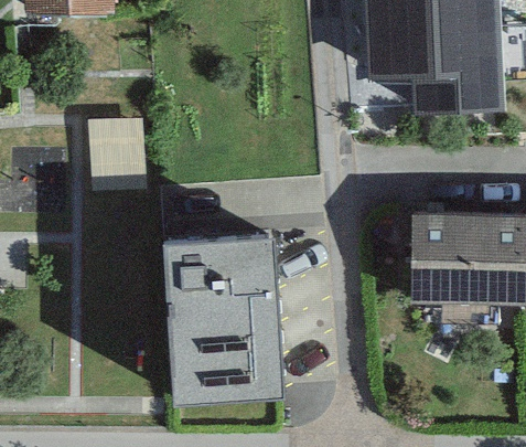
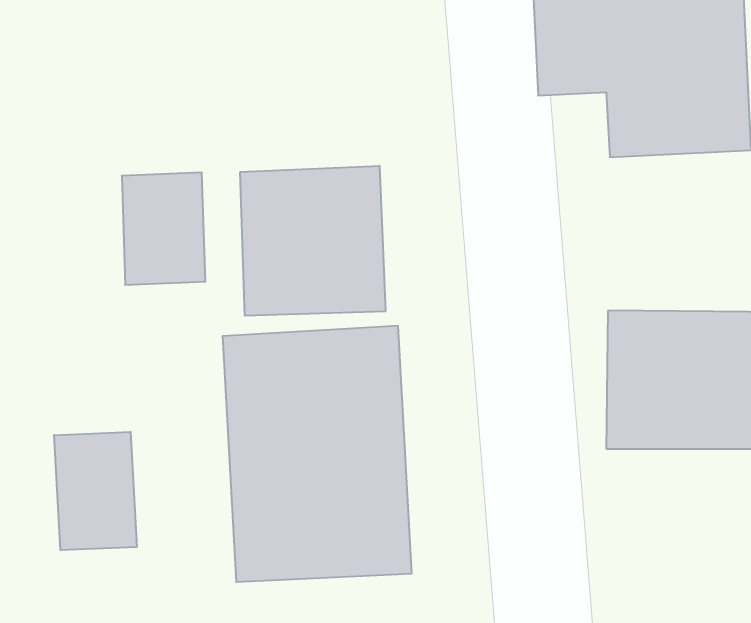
building: none -> [240,166,385,316]
building: none -> [54,432,137,550]

